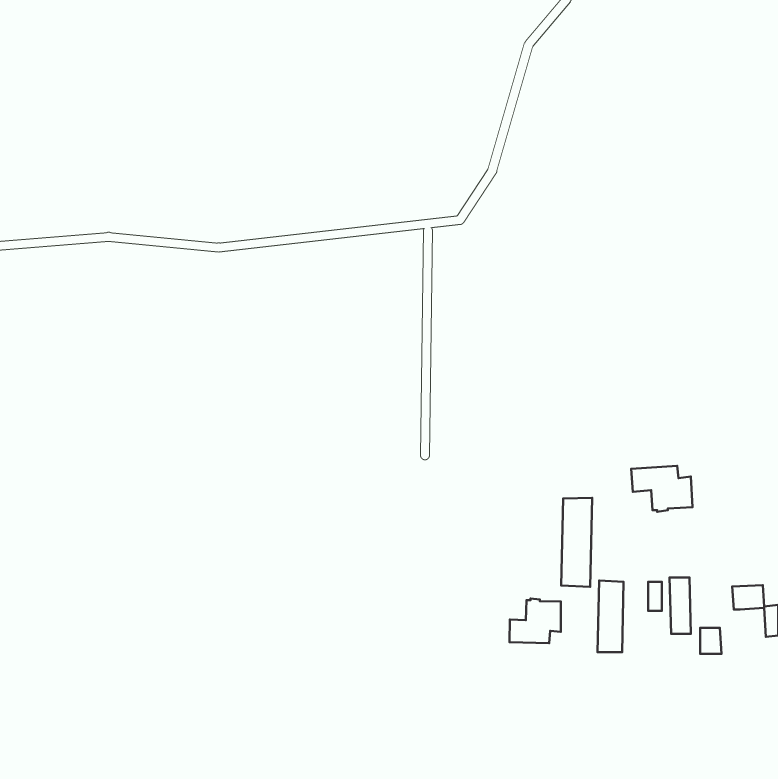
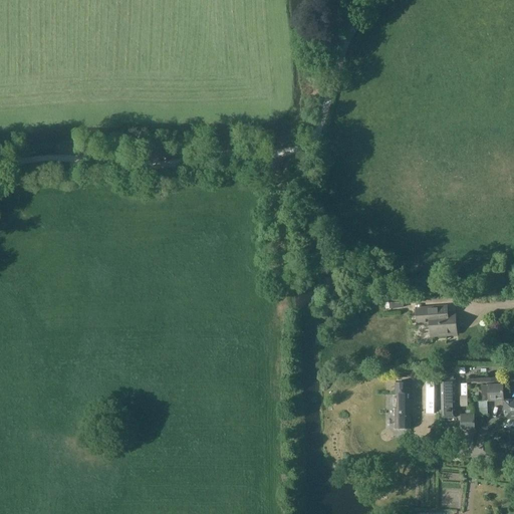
building: [561,498,592,587] -> none
building: [510,599,561,643] -> none

